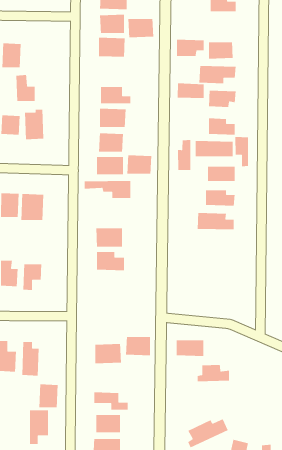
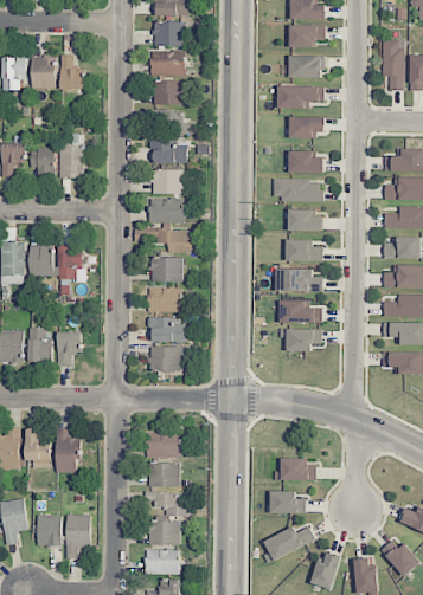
building: [127,18,154,38] -> [152,80,185,105]
building: [176,39,205,57] -> [289,25,325,47]
building: [16,74,36,102] -> [59,54,84,89]
building: [177,83,205,99] -> none
building: [235,136,249,167] -> none
building: [177,139,191,171] -> none
building: [126,155,152,175] -> [150,257,182,282]
building: none -> [280,299,322,323]
building: none -> [280,329,321,351]
building: none -> [149,347,182,371]
building: [125,336,151,356] -> [147,463,179,487]
building: [176,340,204,357] -> [270,492,306,513]
building: [39,384,58,408] -> [37,515,62,545]

